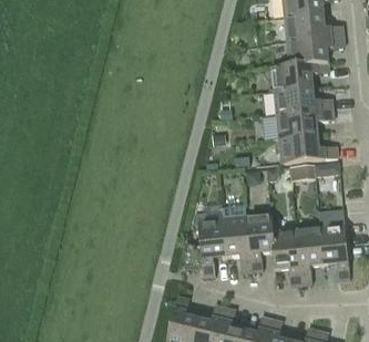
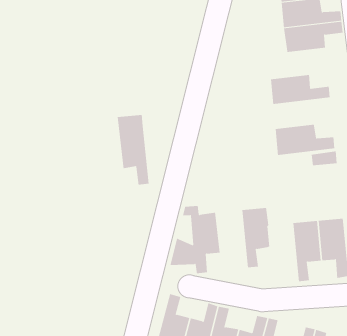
building: [273,61,329,91] -> none
building: [277,108,334,138] -> none
building: [222,205,253,272] -> [117,114,149,185]
building: [273,228,301,286] -> none

